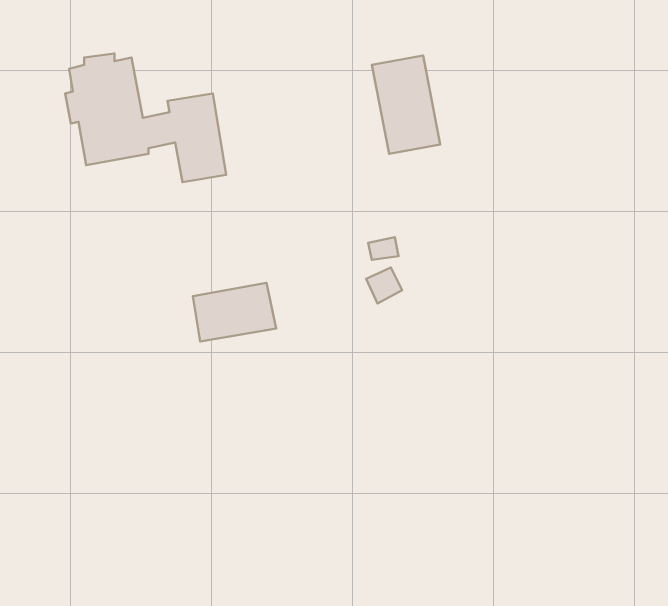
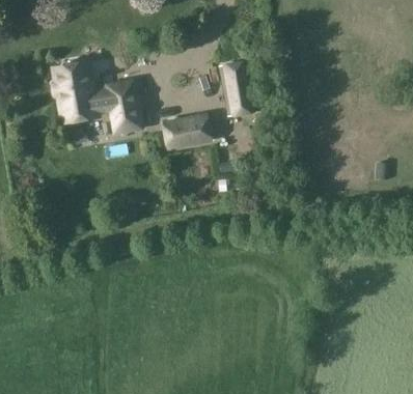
building: [193,283,276,342] -> [165,115,211,147]

